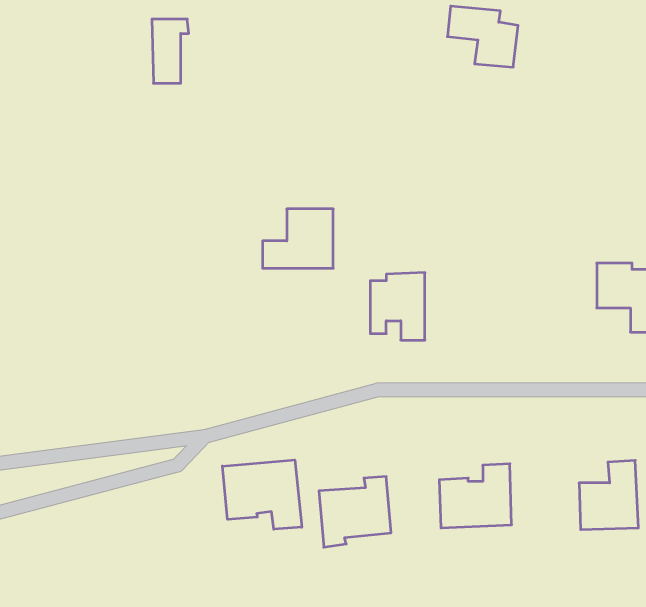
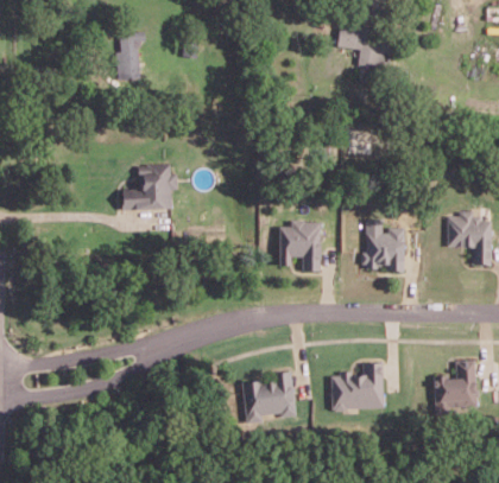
building: [263,209,333,268] -> [121,166,173,210]
building: none -> [364,227,404,272]
building: [222,460,302,529] -> none

